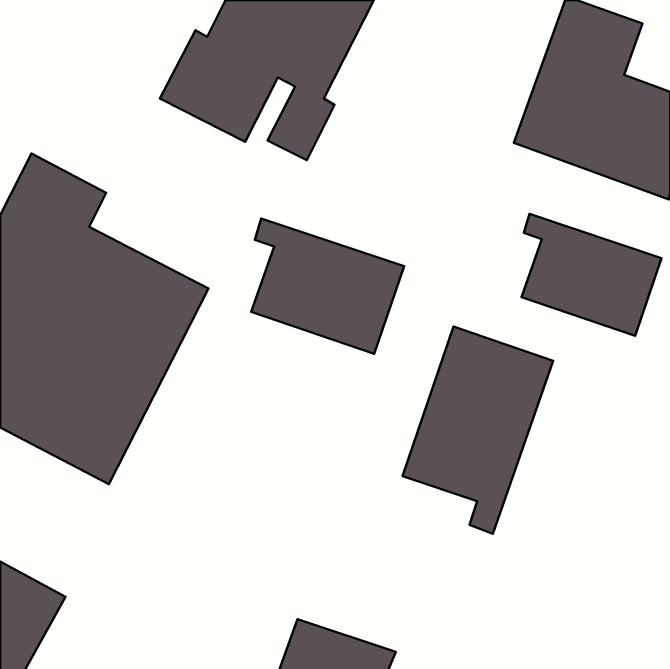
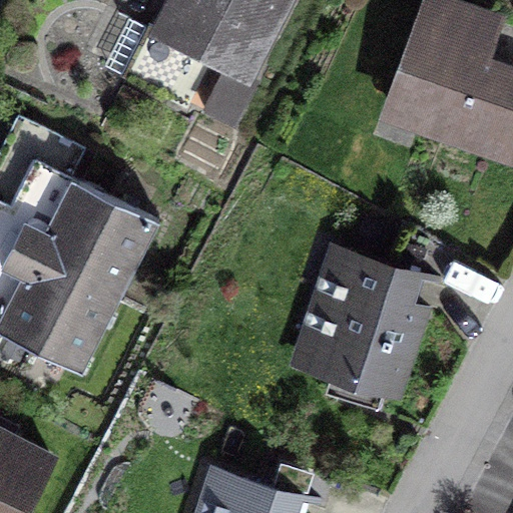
building: [522,214,662,336] -> none
building: [251,218,404,354] -> none

